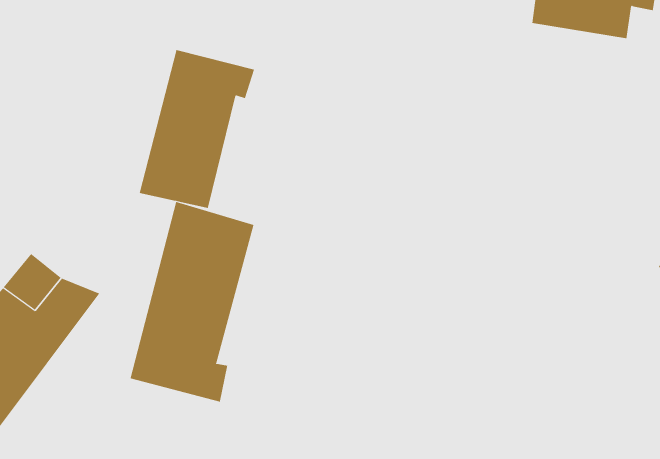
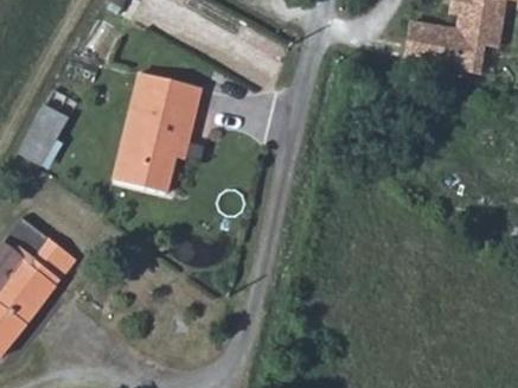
building: none -> [21,94,73,160]
building: [130,201,254,402] -> none

